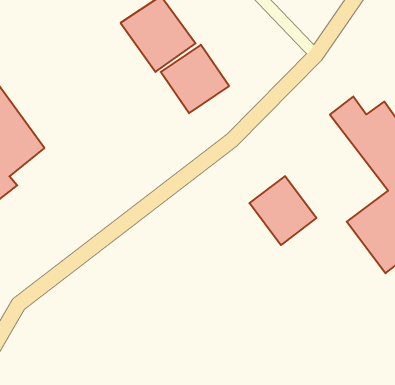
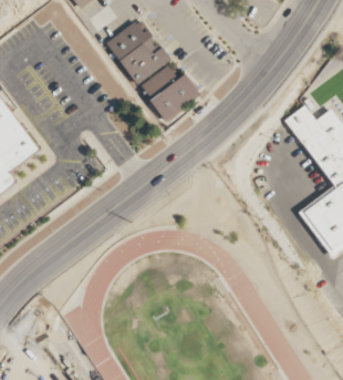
building: [249,176,316,245] -> none

